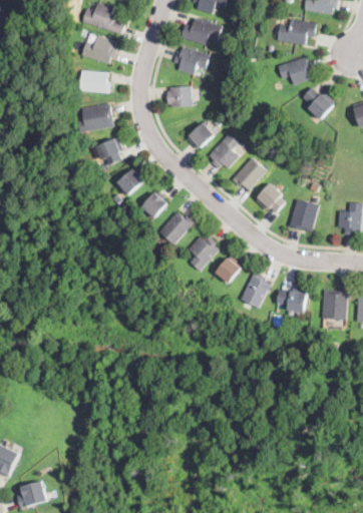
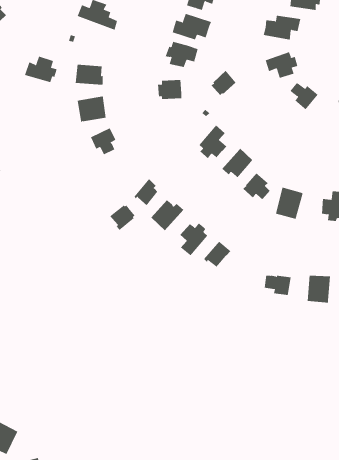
building: [81,35,116,63] -> [24,56,58,83]
building: [187,122,214,149] -> [211,70,236,96]
building: [117,168,144,195] -> [110,205,135,231]
building: [240,273,270,308] -> none

